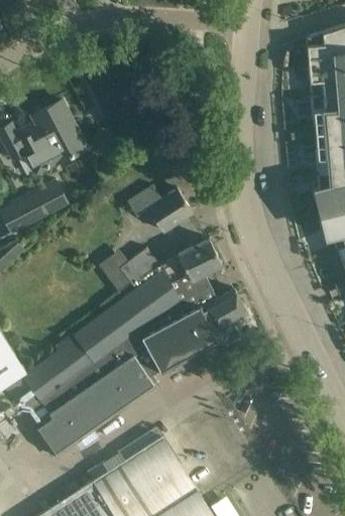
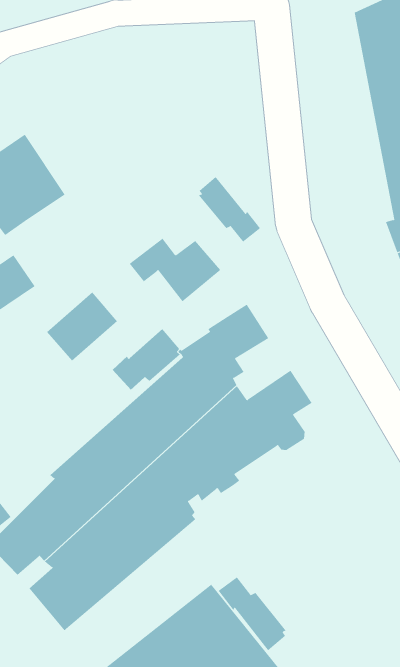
building: none -> [198,176,261,242]
building: none -> [46,292,118,362]
building: none -> [218,576,286,651]

